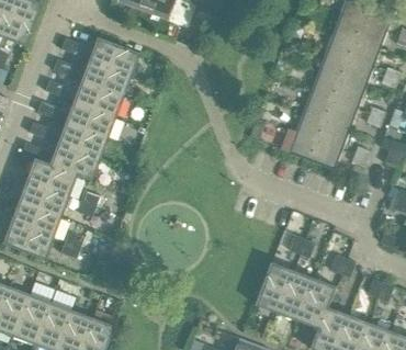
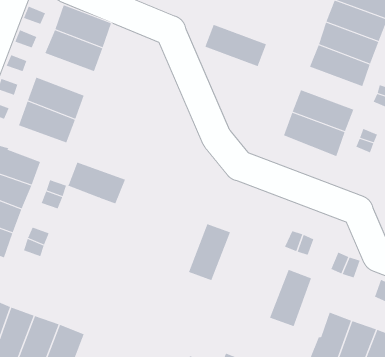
building: [71,80,123,117] -> none
building: [304,92,359,129] -> [204,24,267,67]
building: [47,144,99,181] -> [67,162,126,204]
building: [256,262,293,313] -> [188,223,231,281]
building: [298,278,337,329] -> none

